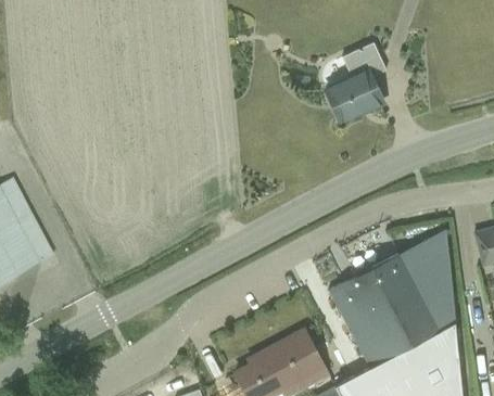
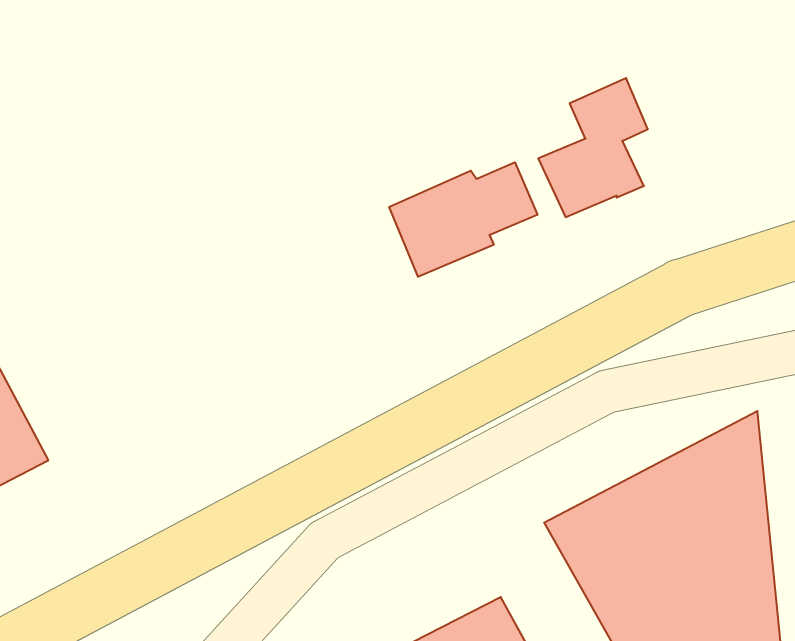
building: none -> [389,162,537,277]

